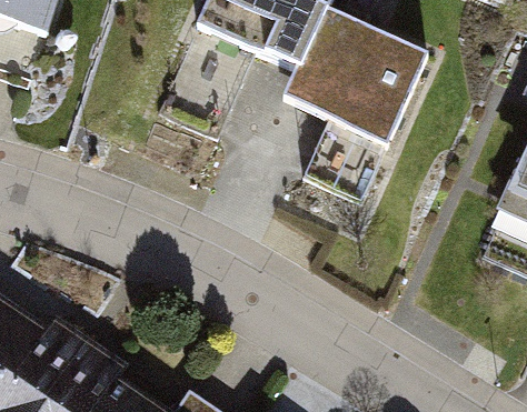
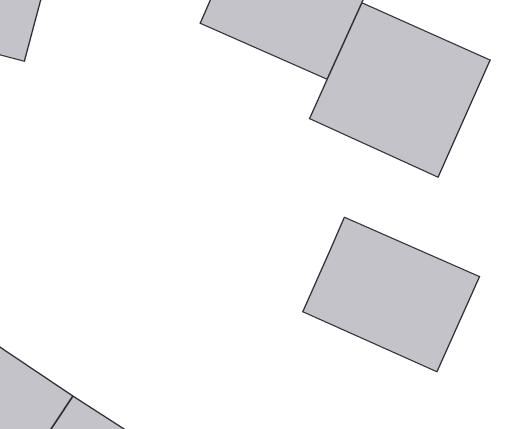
building: none -> [303,217,479,372]

